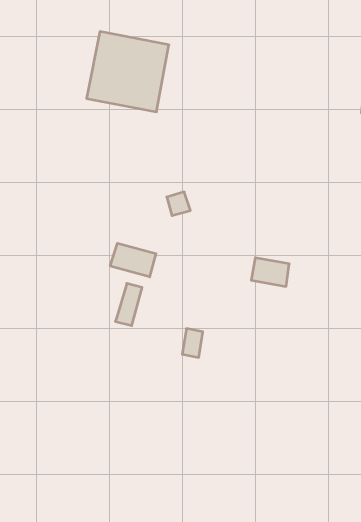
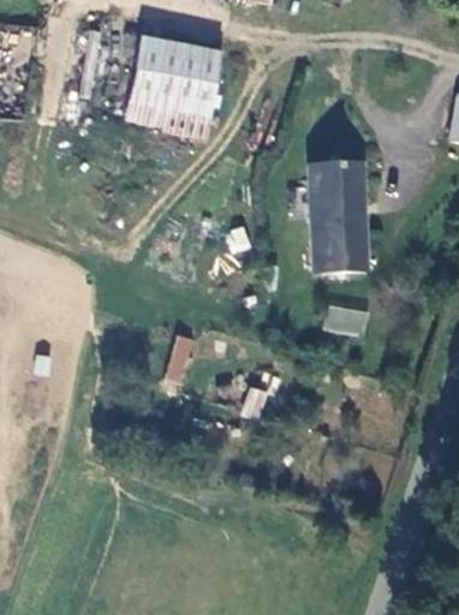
building: none -> [314,160,368,270]
building: [110,243,156,277] -> none

